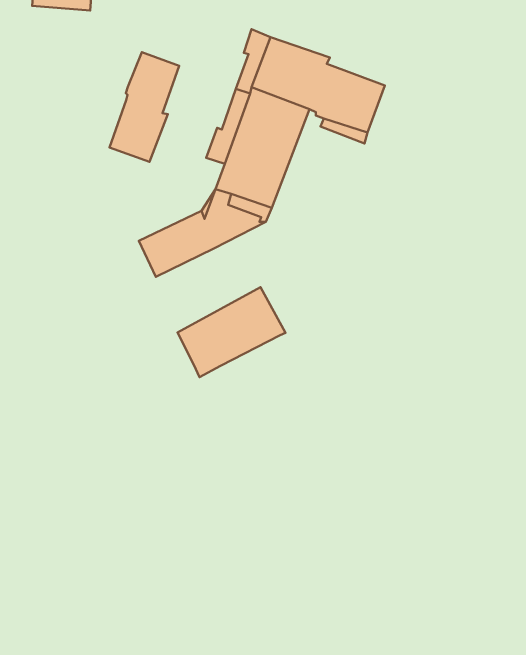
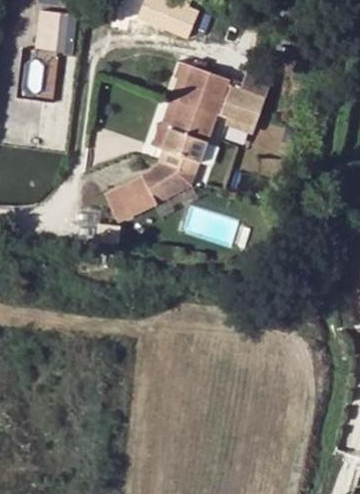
building: [110,52,179,162] -> none
building: [177,287,285,377] -> none

